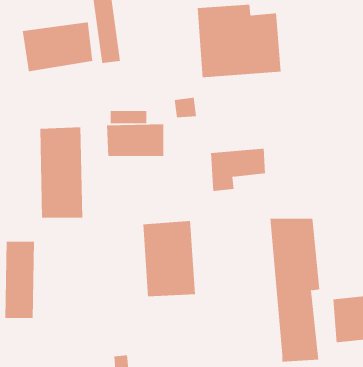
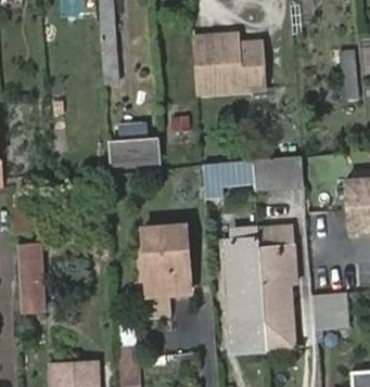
building: [22,22,93,72] -> none
building: [40,126,83,218] -> none
building: none -> [252,155,305,193]
building: none -> [224,222,267,347]

